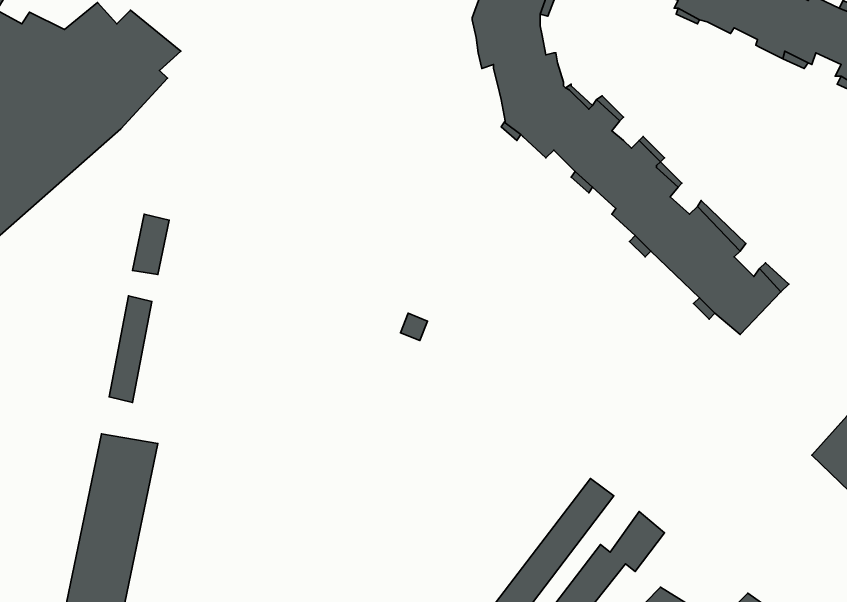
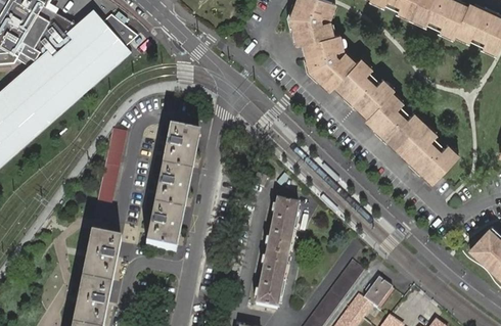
building: none -> [149,130,202,252]
building: none -> [254,200,298,309]

